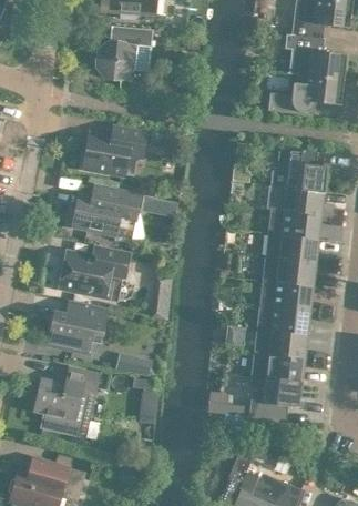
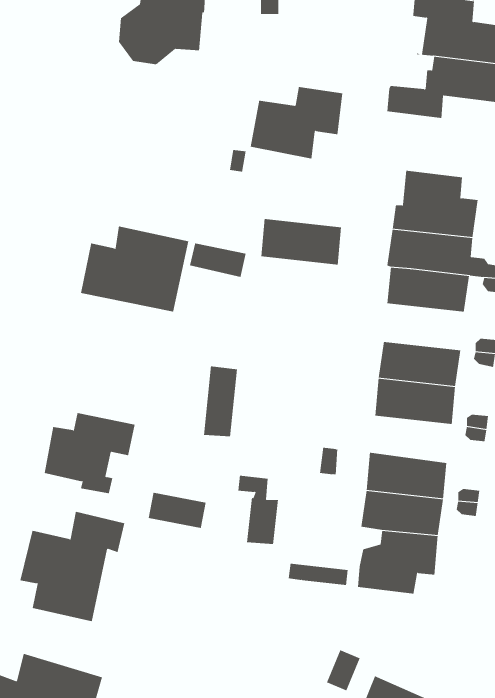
building: [83,126,143,173] -> [250,86,343,159]
building: [265,233,317,263] -> [261,218,342,265]
building: [59,246,129,298] -> none
building: [256,305,309,335] -> none
building: [133,377,160,422] -> [237,475,279,544]

